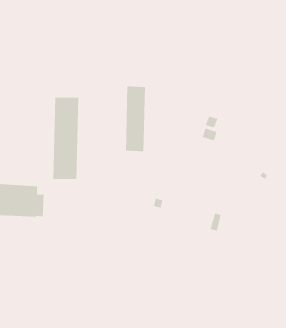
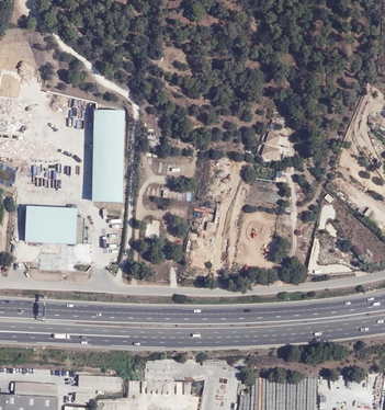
building: [125,86,146,152] -> none

